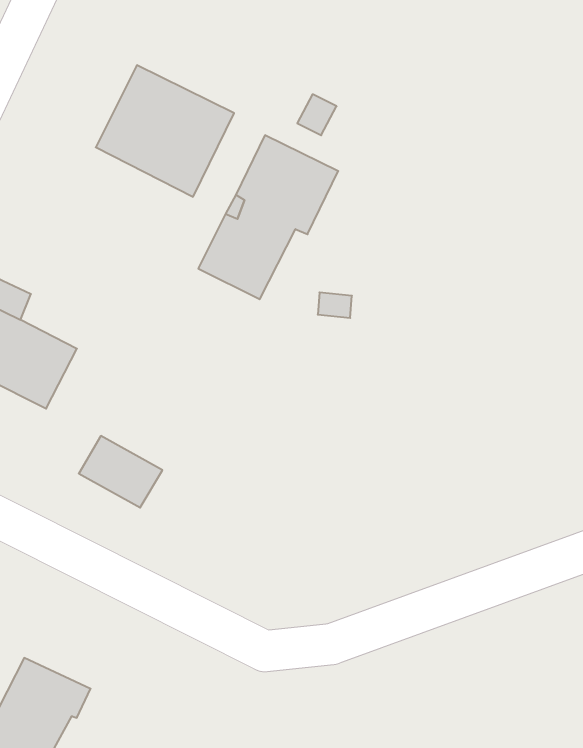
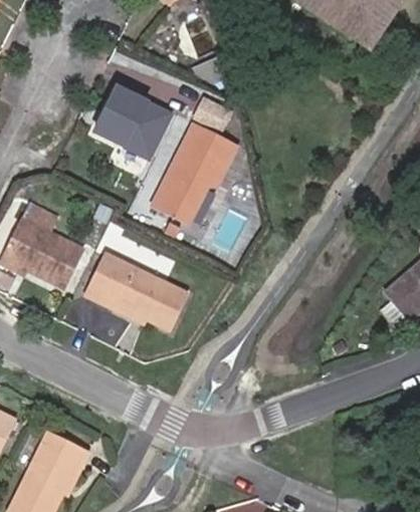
building: none -> [83,252,187,328]

